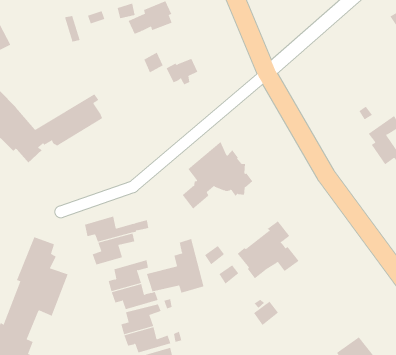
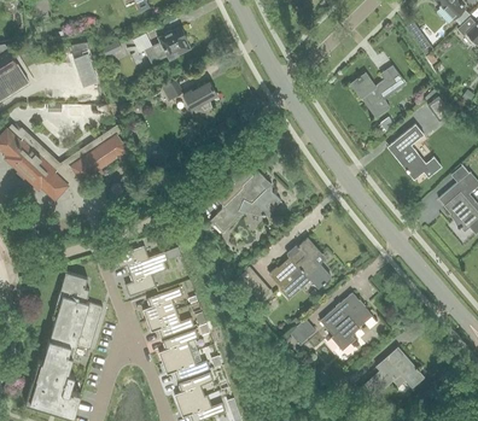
building: none -> [350,69,396,116]
building: [146,238,204,293] -> none
building: none -> [320,293,372,350]

